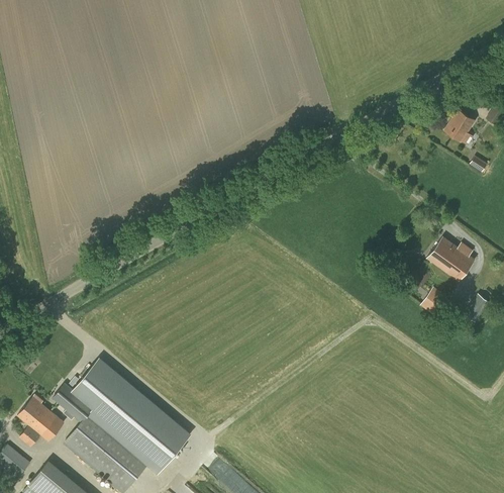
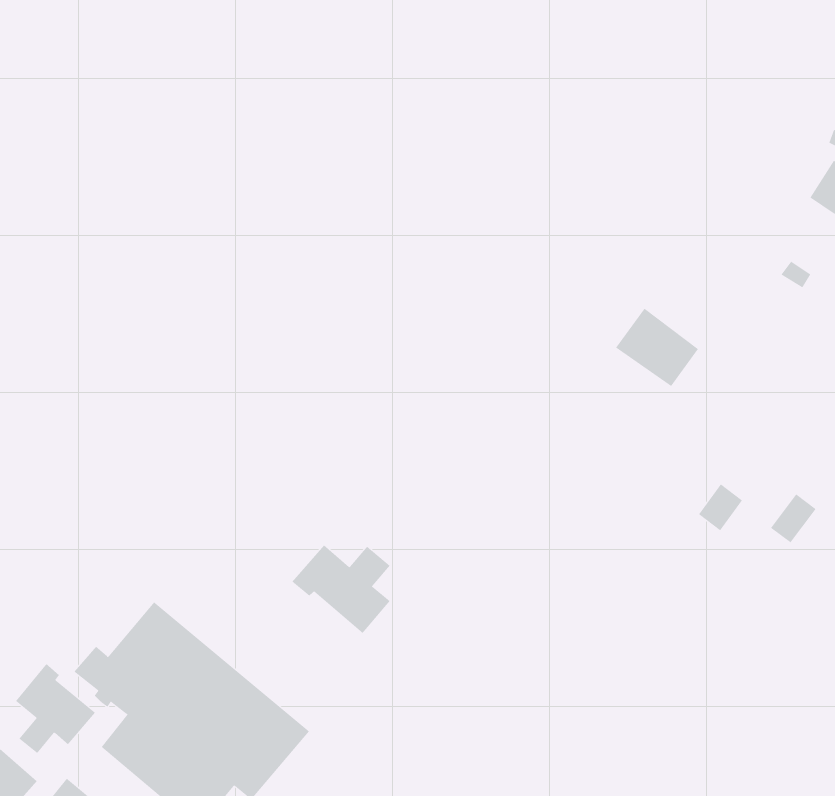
building: [444,109,475,141] -> none
building: [425,235,475,282] -> [615,308,699,387]
building: none -> [291,545,390,634]

